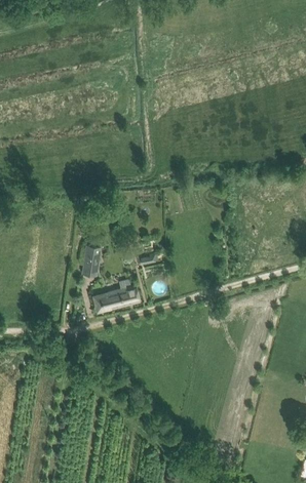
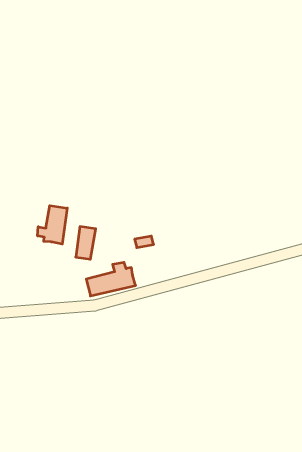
building: none -> [38,206,67,244]

